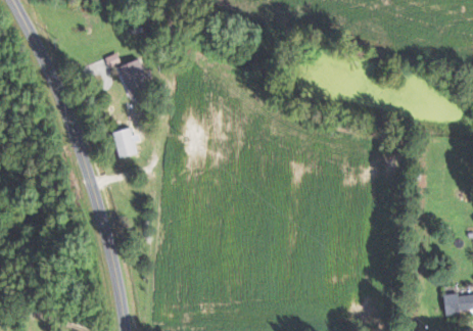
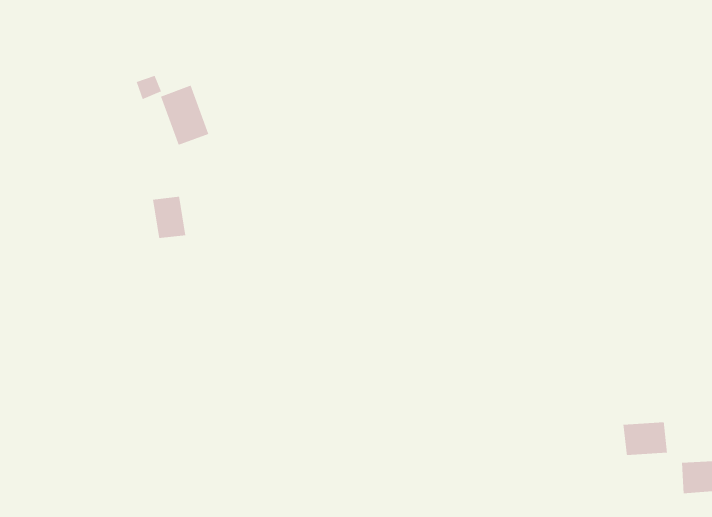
building: none -> [623,421,667,456]

